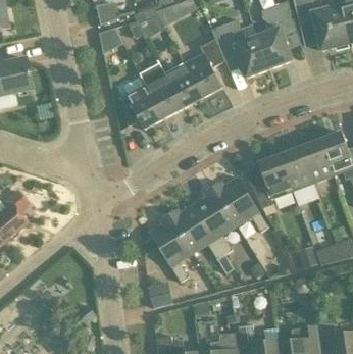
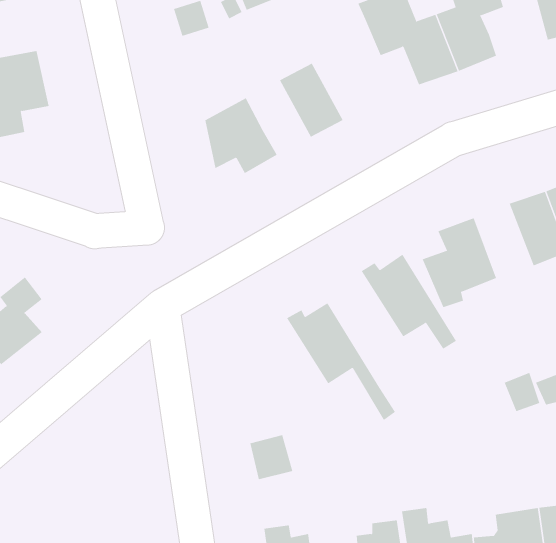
building: [185,38,224,97] -> none
building: [140,62,184,117] -> none
building: [280,146,314,190] -> none
building: [194,186,238,254] -> none
building: [150,213,194,282] -> none

